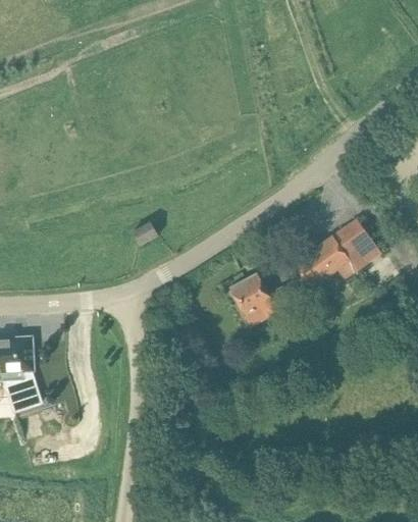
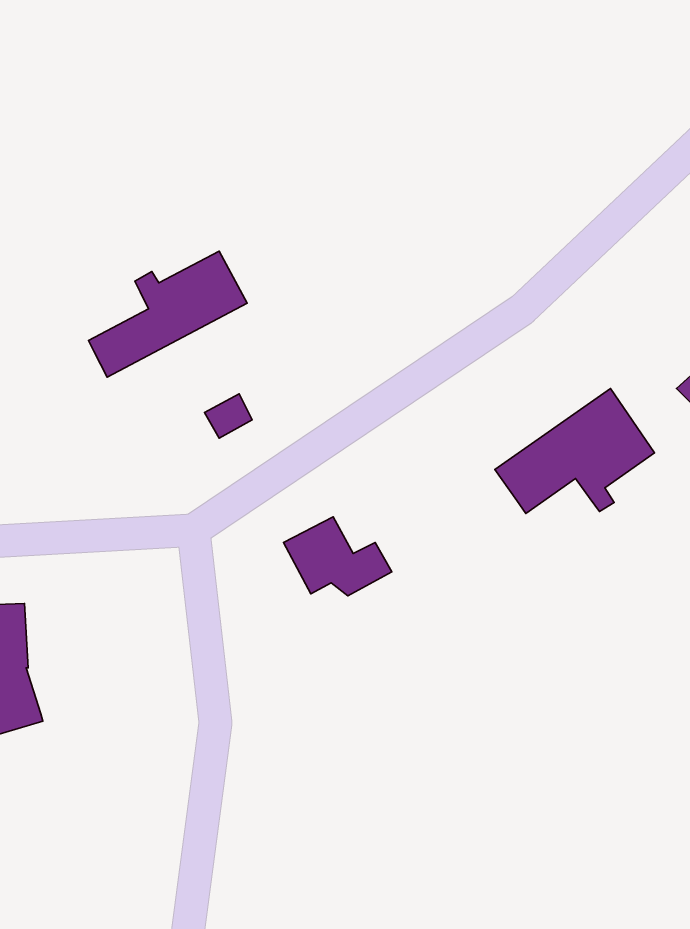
building: none -> [88,251,247,377]
building: [229,274,290,318] -> [283,517,392,596]

